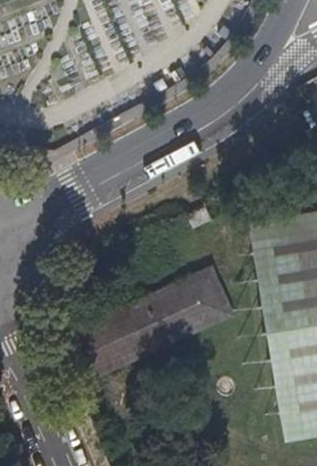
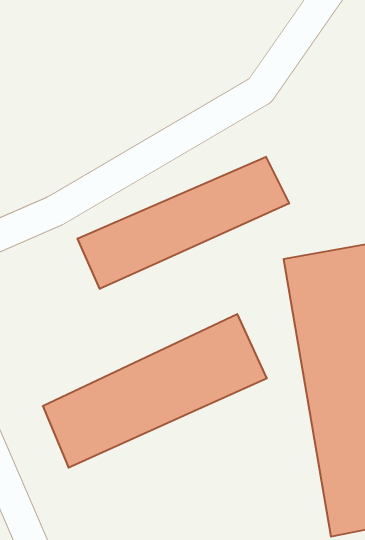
building: none -> [78,157,289,289]

